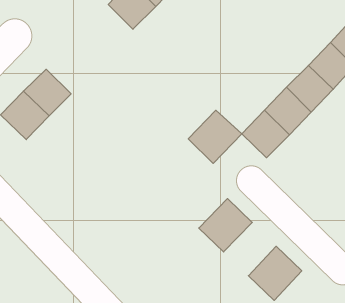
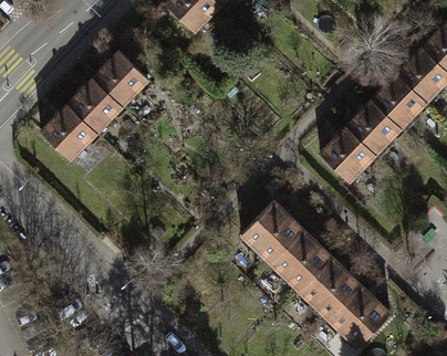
building: none -> [92,54,147,109]
building: [188,110,242,163] -> [240,203,302,265]
building: none -> [298,259,358,321]

